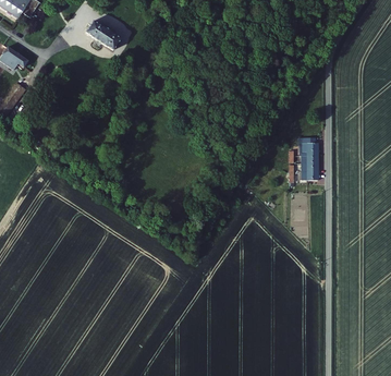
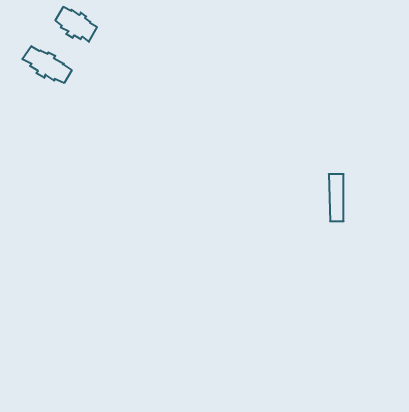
building: none -> [22,46,72,83]

